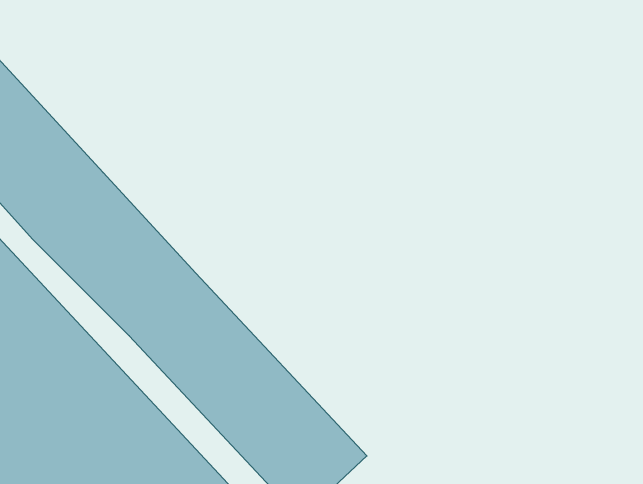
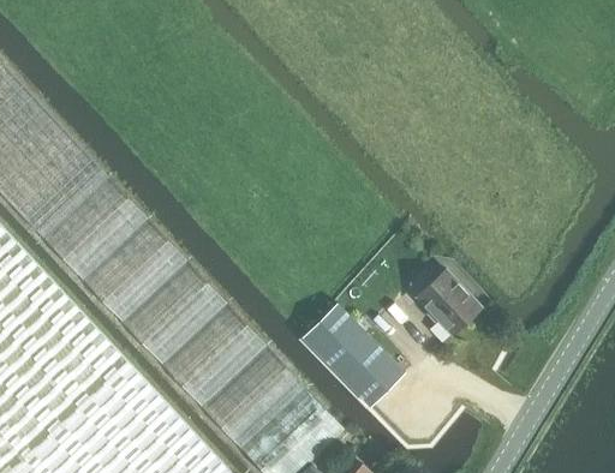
building: none -> [416,268,479,333]
building: none -> [305,304,408,405]

